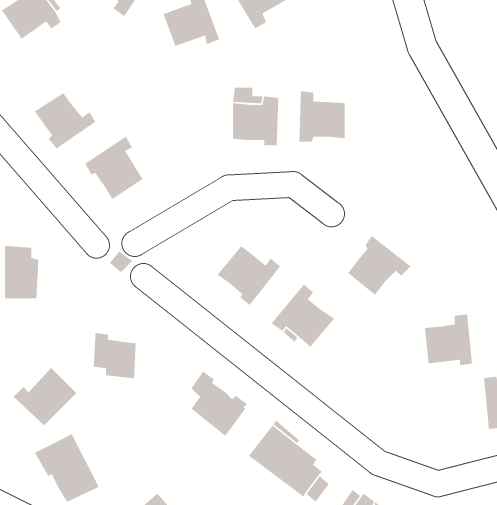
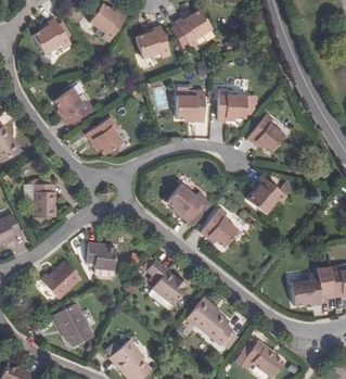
building: none -> [247,114,284,154]
building: [424,314,473,366] -> [291,273,321,305]

